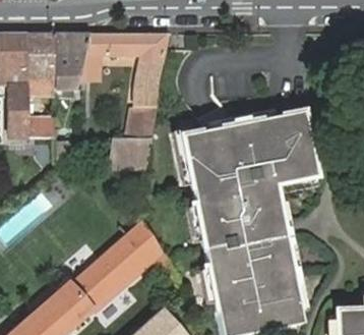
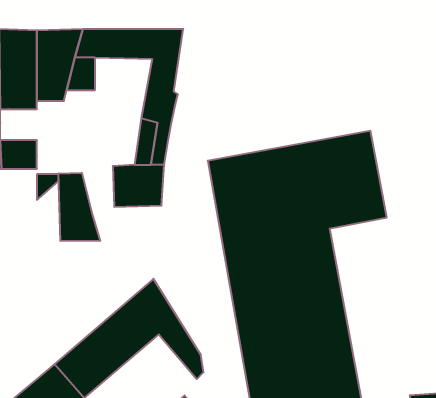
building: none -> [59,173,100,241]

